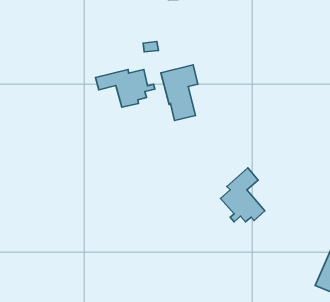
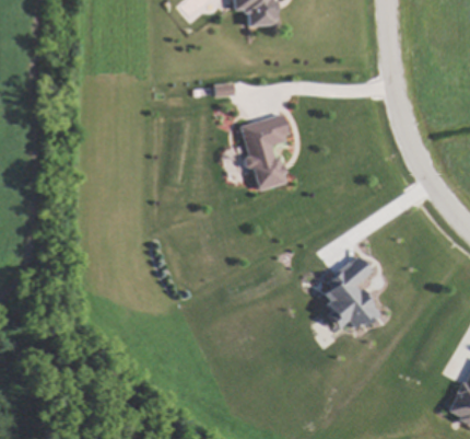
building: [96,69,155,107] -> none

